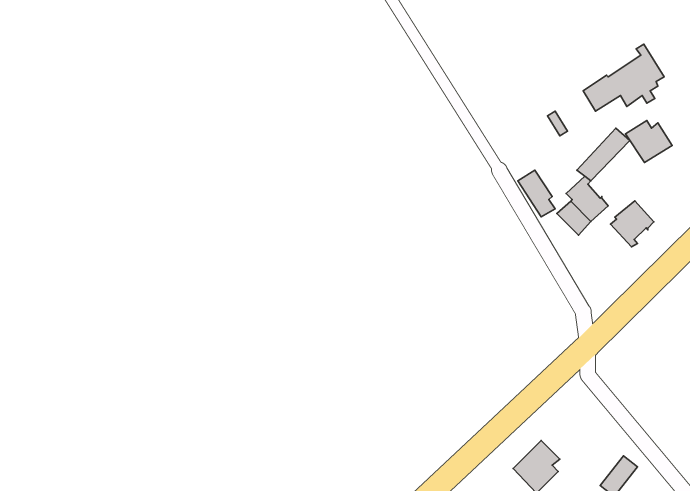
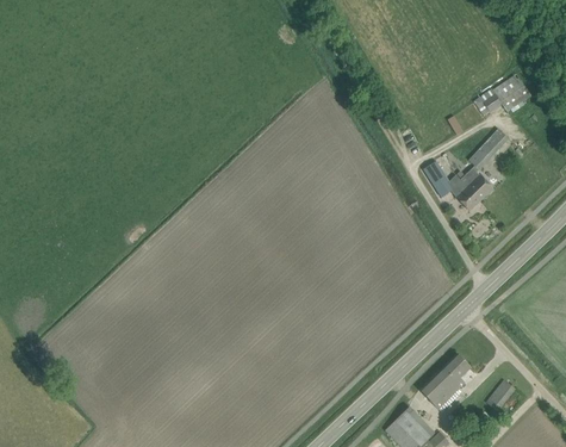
building: [625,120,672,163] -> none
building: [611,201,654,247] -> none
building: none -> [441,353,471,392]

